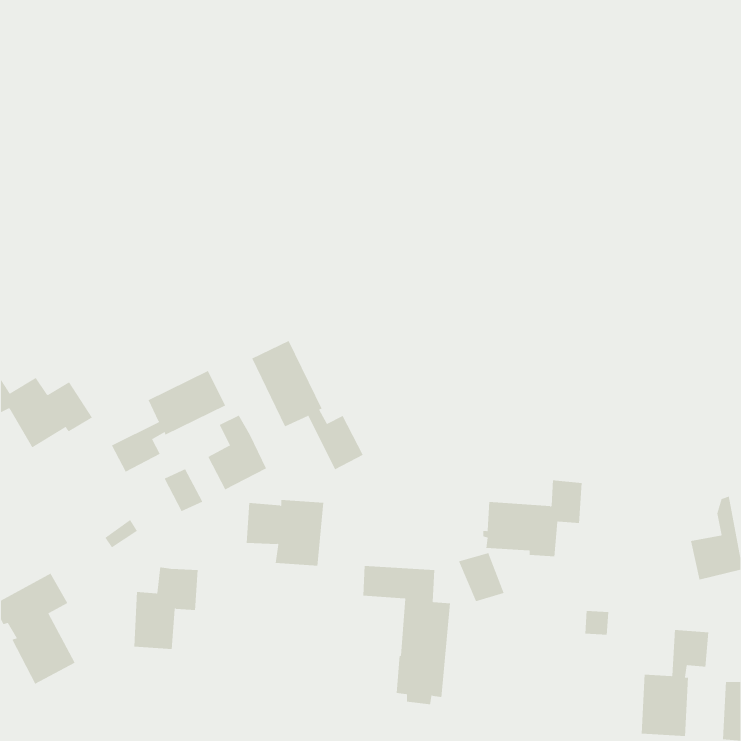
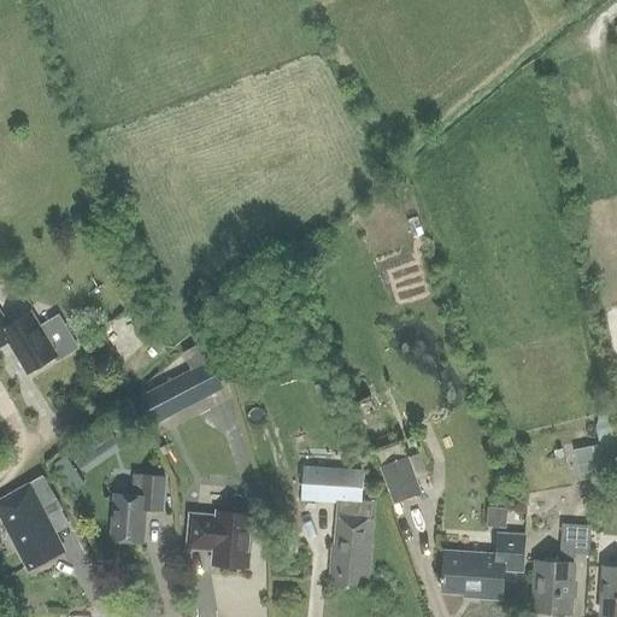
building: [251,340,364,470] -> none
building: [111,370,226,473] -> none
building: [483,480,583,557] -> [440,534,523,598]
building: [246,500,324,566] -> [189,511,254,566]

